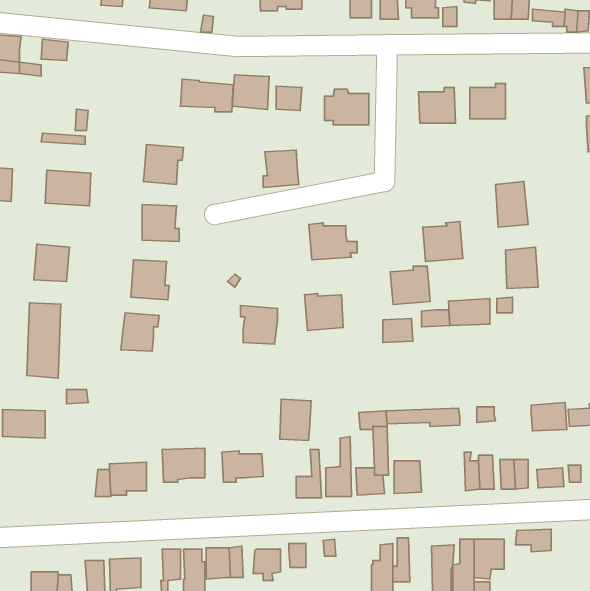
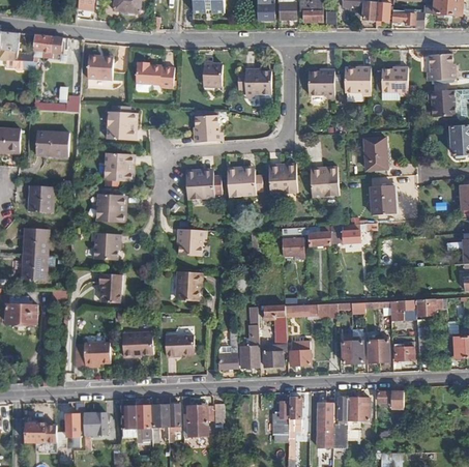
building: none -> [87,59,113,79]
building: [233,75,269,109] -> none
building: none -> [380,65,407,100]
building: [390,266,430,304] -> [268,165,297,193]
building: [305,293,343,330] -> [186,171,214,198]
building: none -> [98,272,121,301]
building: [280,399,311,441] -> [177,270,200,300]

